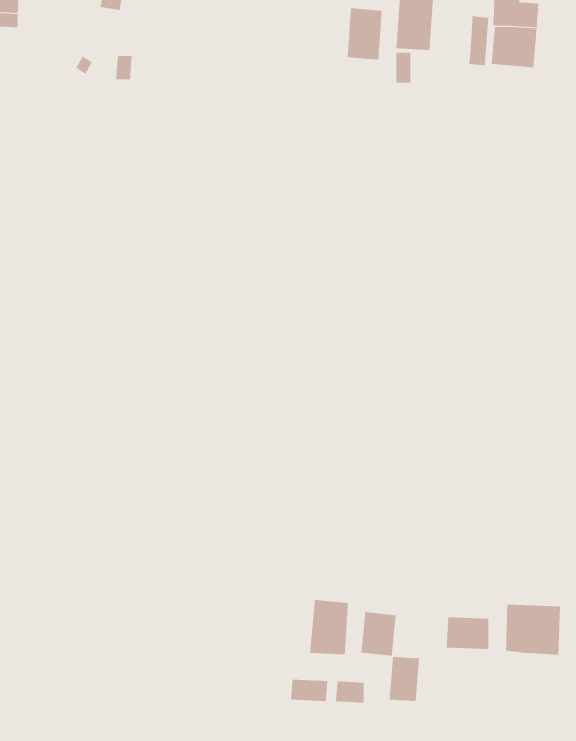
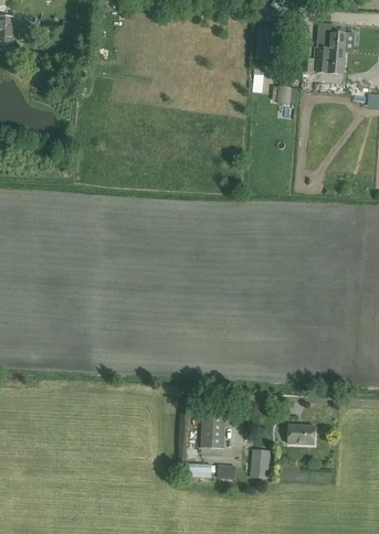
building: [347,7,382,60] -> none
building: [506,604,561,655] -> none
building: [361,611,396,657] -> none

